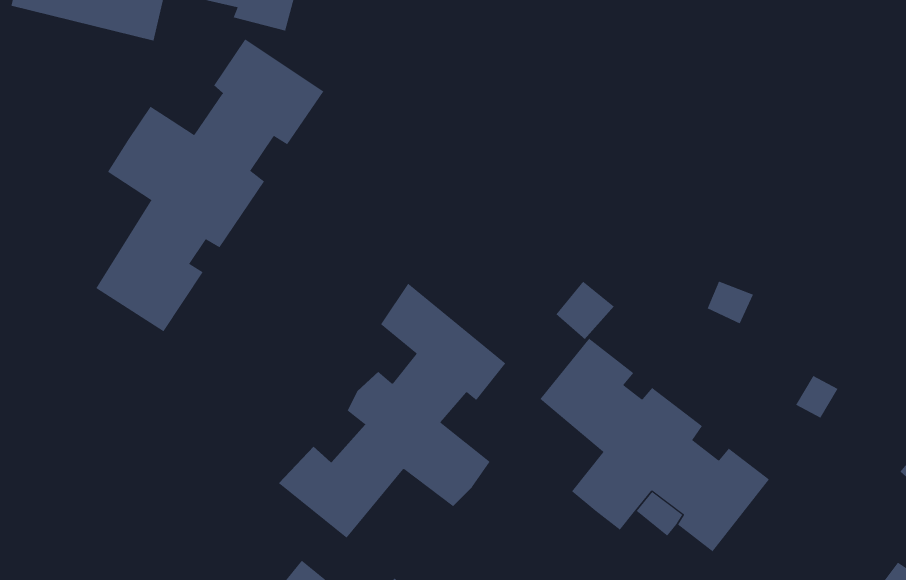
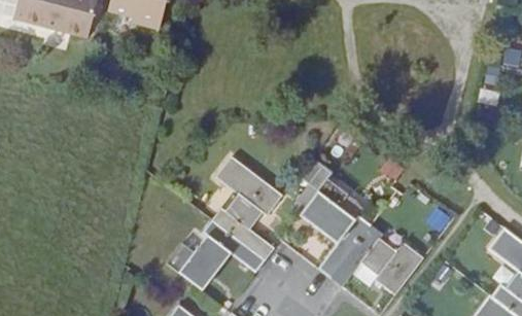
building: [96,38,324,332] -> none

